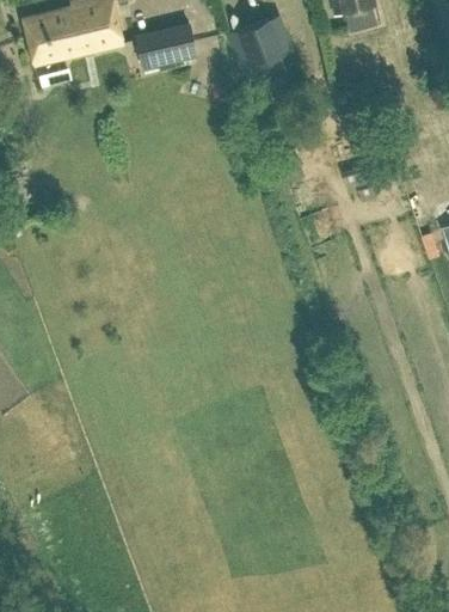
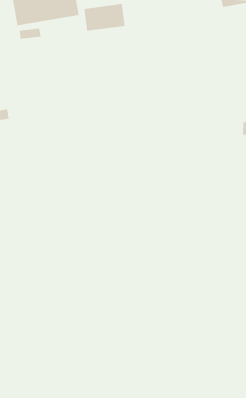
building: [226,19,282,71] -> none

